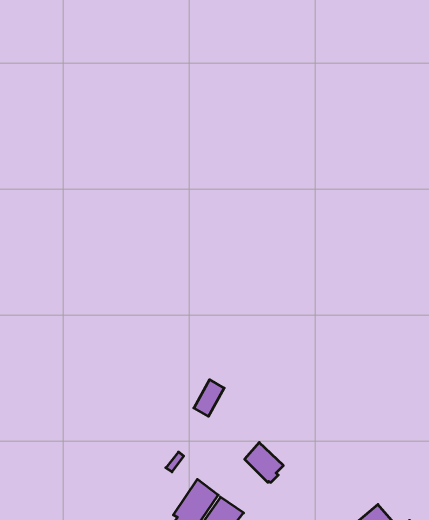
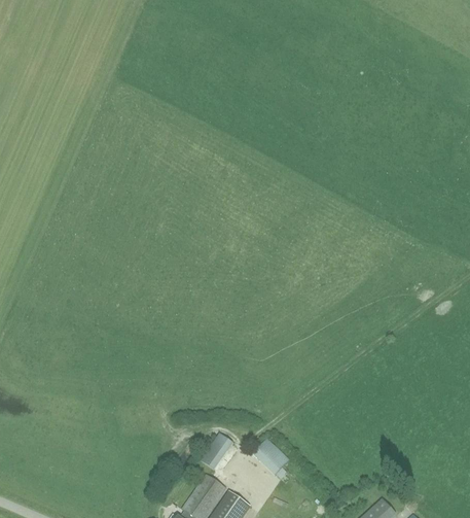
building: [194,380,224,416] -> [203,439,232,475]

